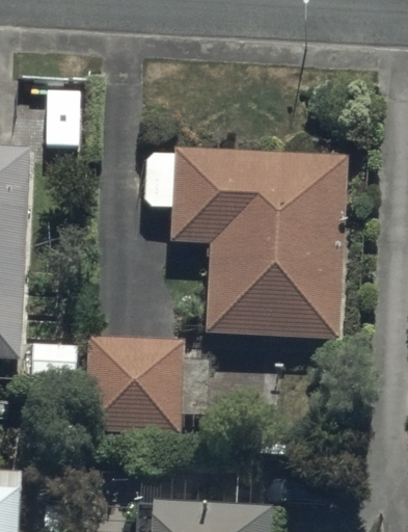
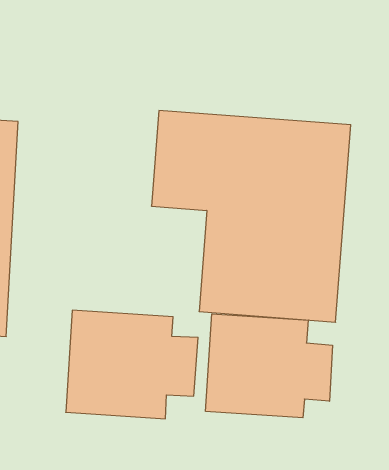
building: none -> [206,314,332,418]

